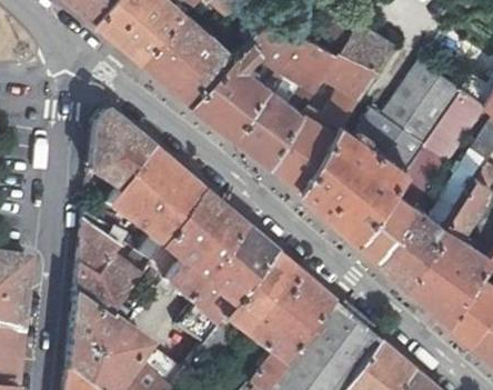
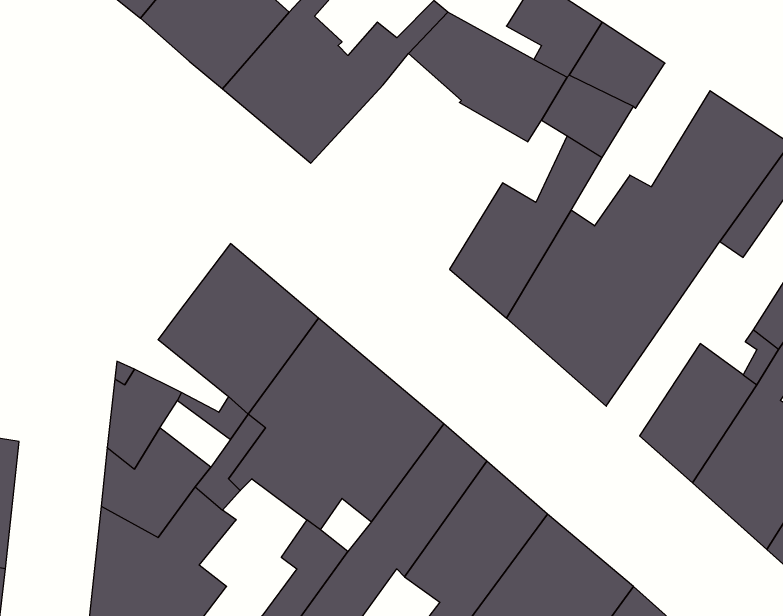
building: [194,61,303,166] -> none
building: [89,113,149,192] -> none
building: [362,150,447,260] -> none

